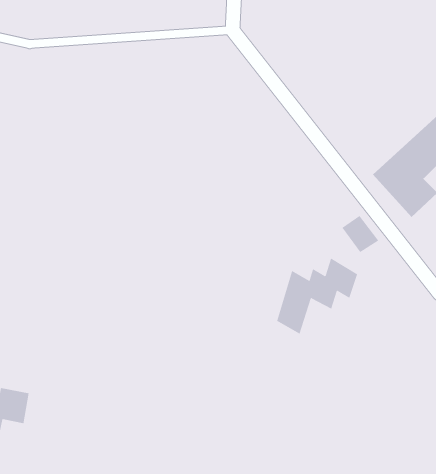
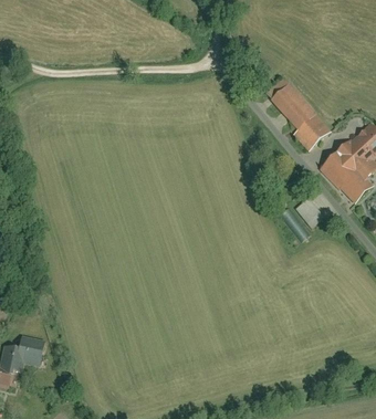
building: none -> [271,82,333,154]
building: [276,257,358,335] -> none

